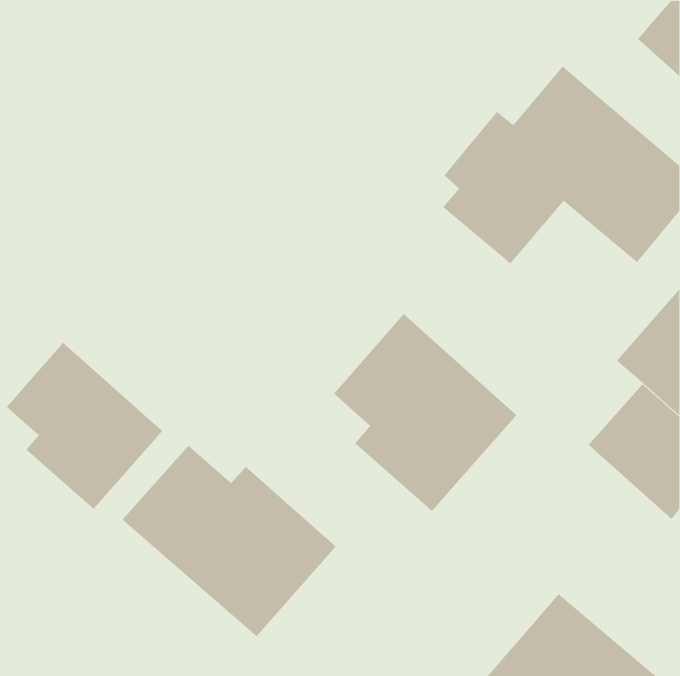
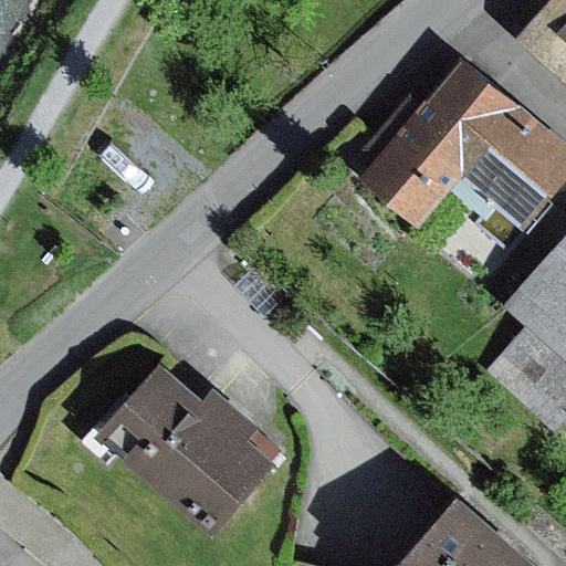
building: [333,313,517,512] -> none
building: [6,342,163,510] -> none

